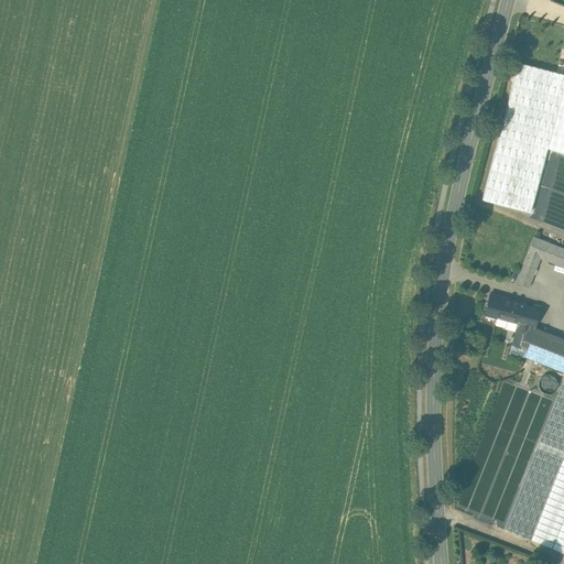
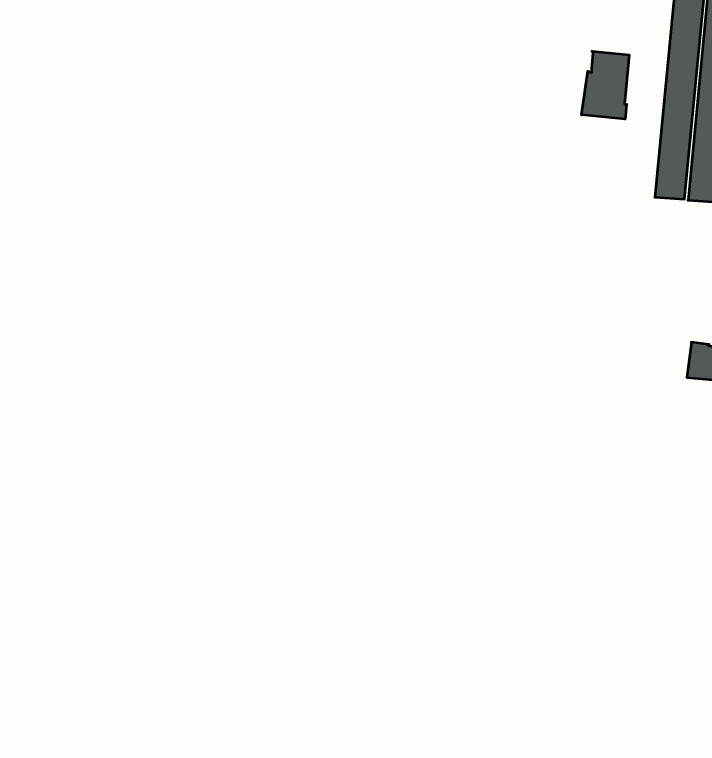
building: none -> [582,51,629,119]

